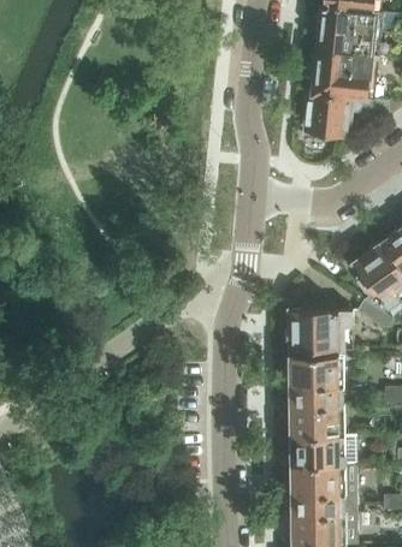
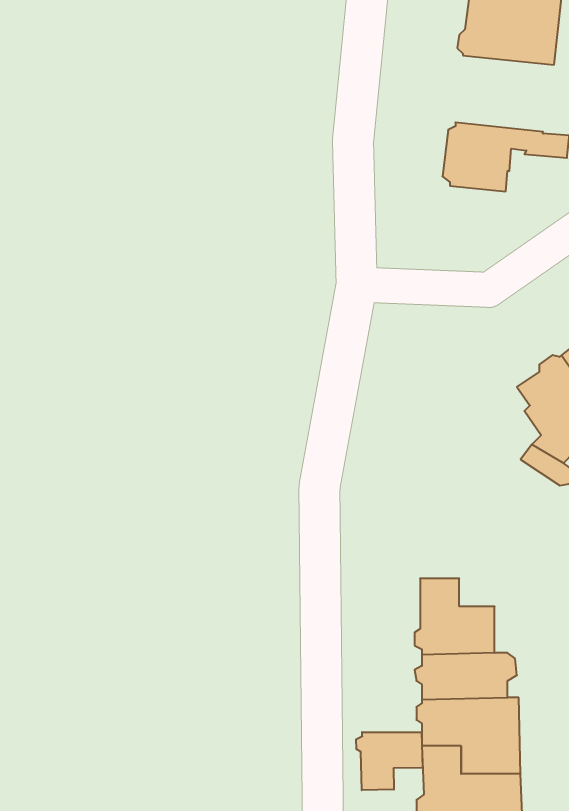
building: [313,50,377,100] -> none
building: [285,304,351,351] -> none
building: [285,356,343,406] -> none
building: none -> [356,732,422,790]

